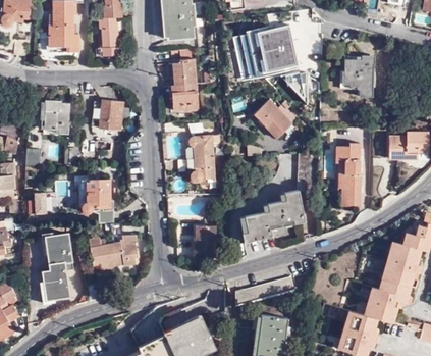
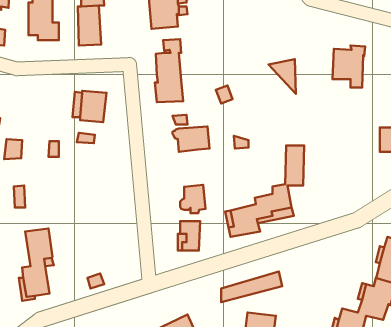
building: [230,23,297,80] -> none
building: [253,99,295,139] -> none
building: [43,100,69,135] -> none
building: [335,143,360,207] -> none
building: [190,157,214,185] -> [180,185,205,213]
building: [78,180,110,213] -> none
building: [89,223,139,267] -> none

